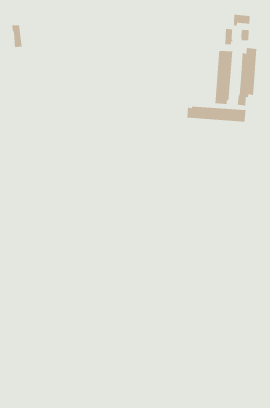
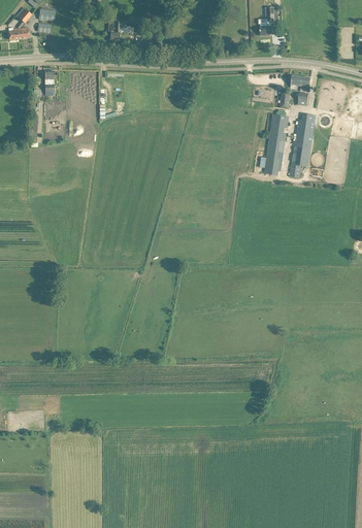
building: [187,106,246,122] -> none

